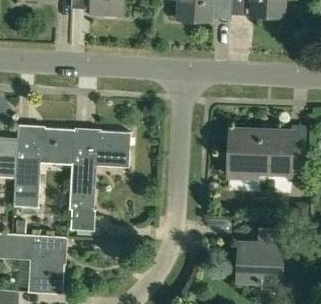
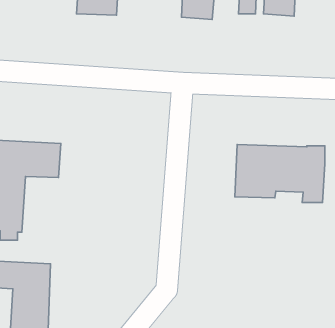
building: [69,130,131,231] -> none
building: [238,232,283,283] -> none

